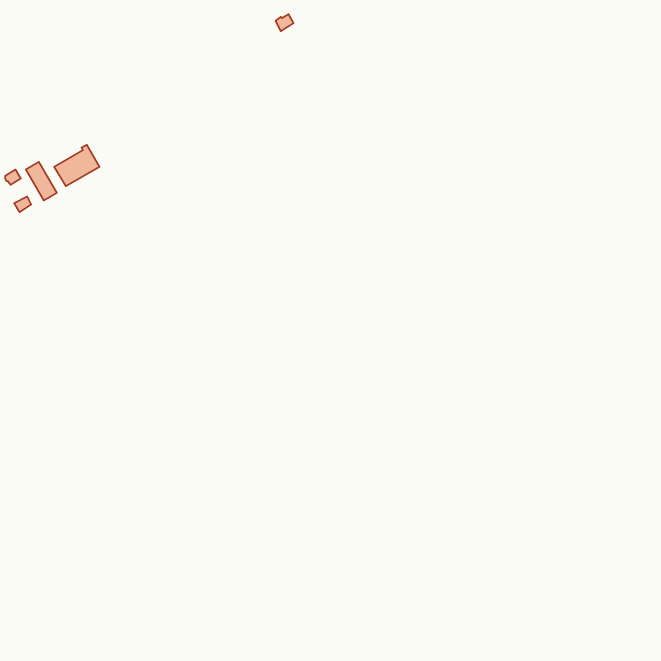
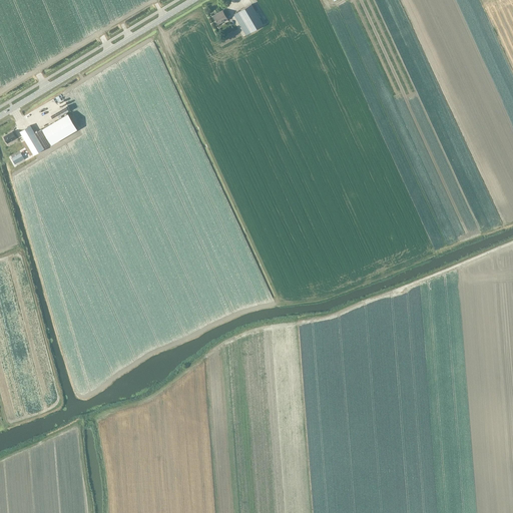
building: none -> [234,4,264,35]

